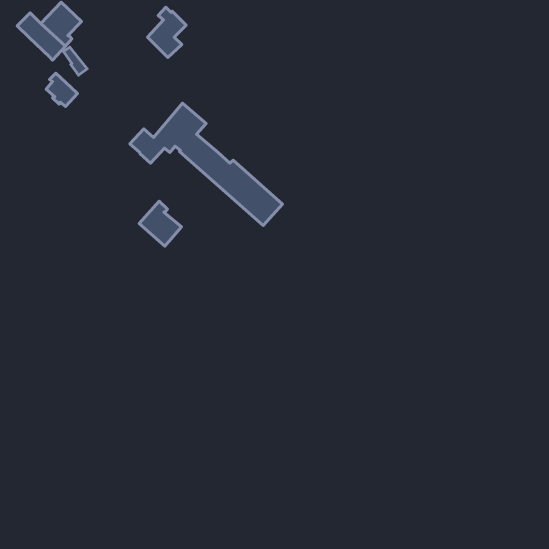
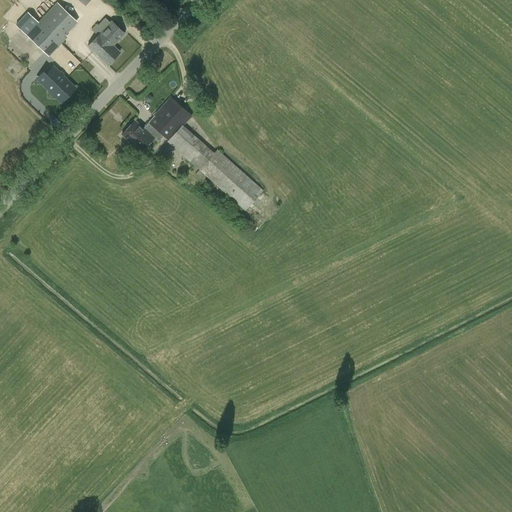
building: [147,7,186,57] -> [88,17,124,64]
building: [139,201,181,246] -> none

